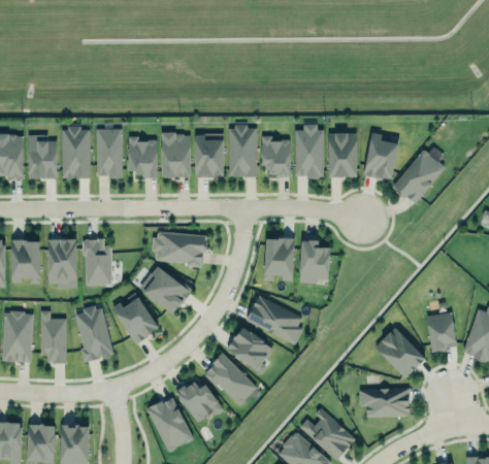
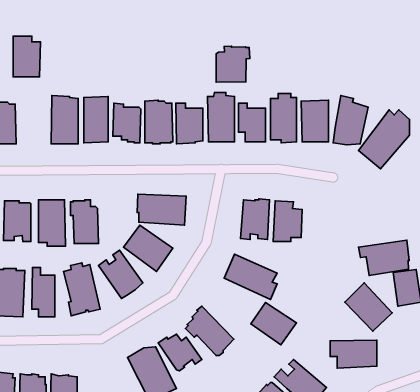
building: none -> [216,46,250,82]
building: [29,135,58,178] -> [13,36,40,77]
building: none -> [359,240,409,276]
building: [227,327,275,372] -> [251,302,296,345]

